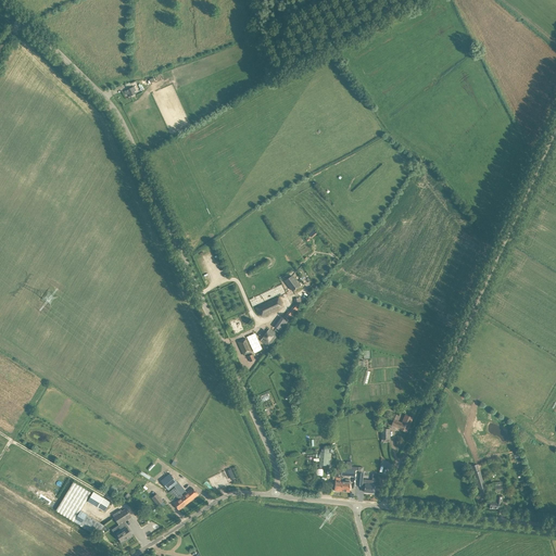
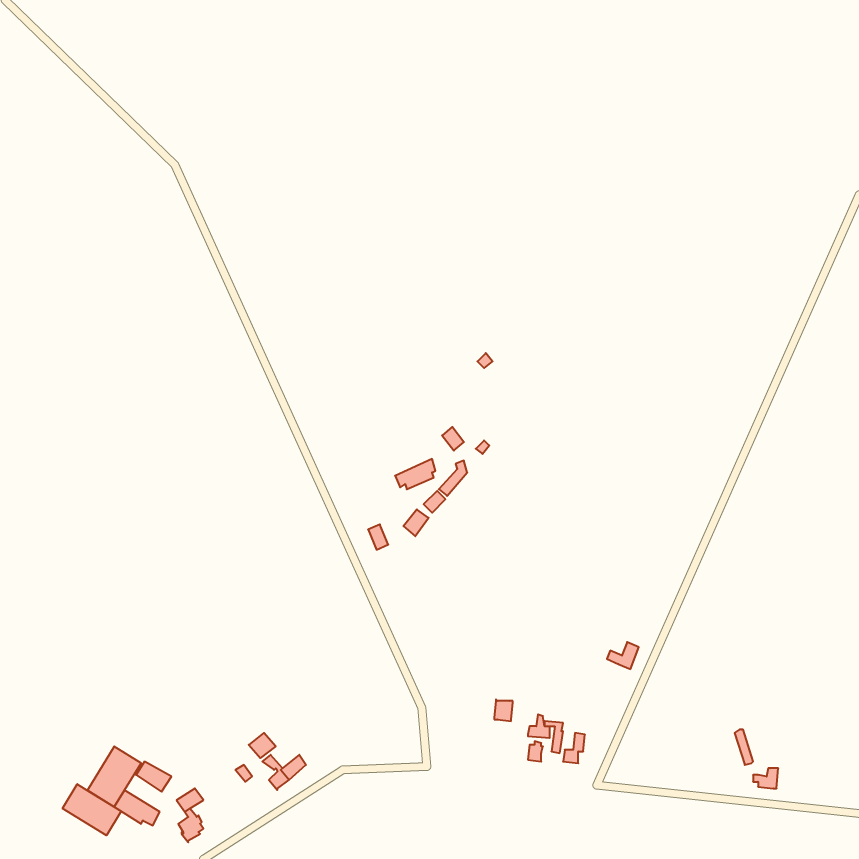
building: none -> [63,784,121,835]

